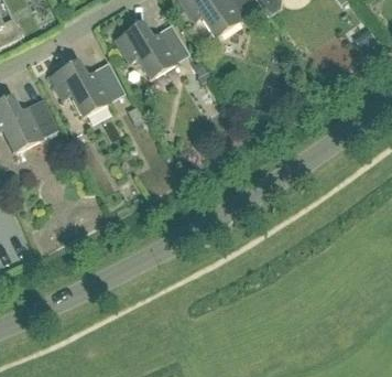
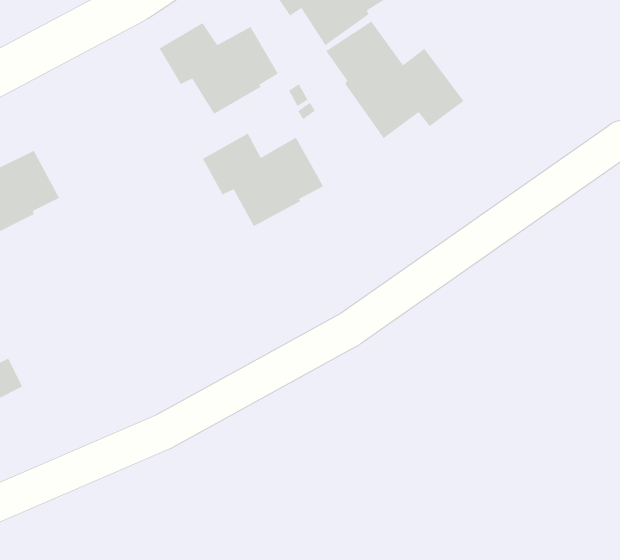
building: none -> [325,21,464,139]
building: [50,61,122,117] -> [202,133,324,227]

